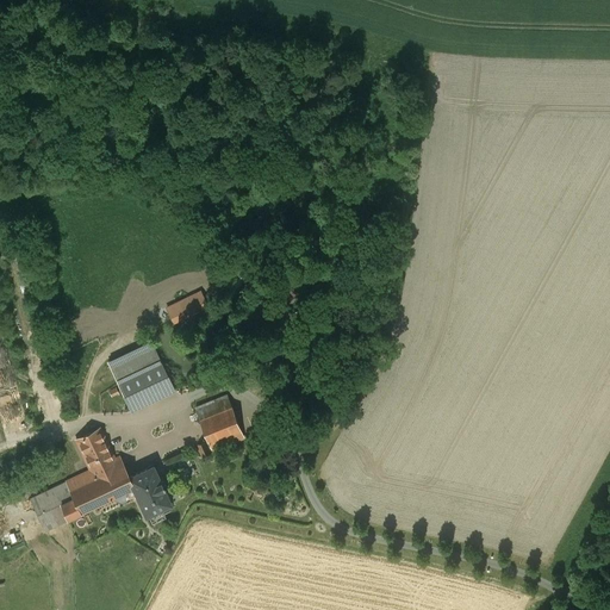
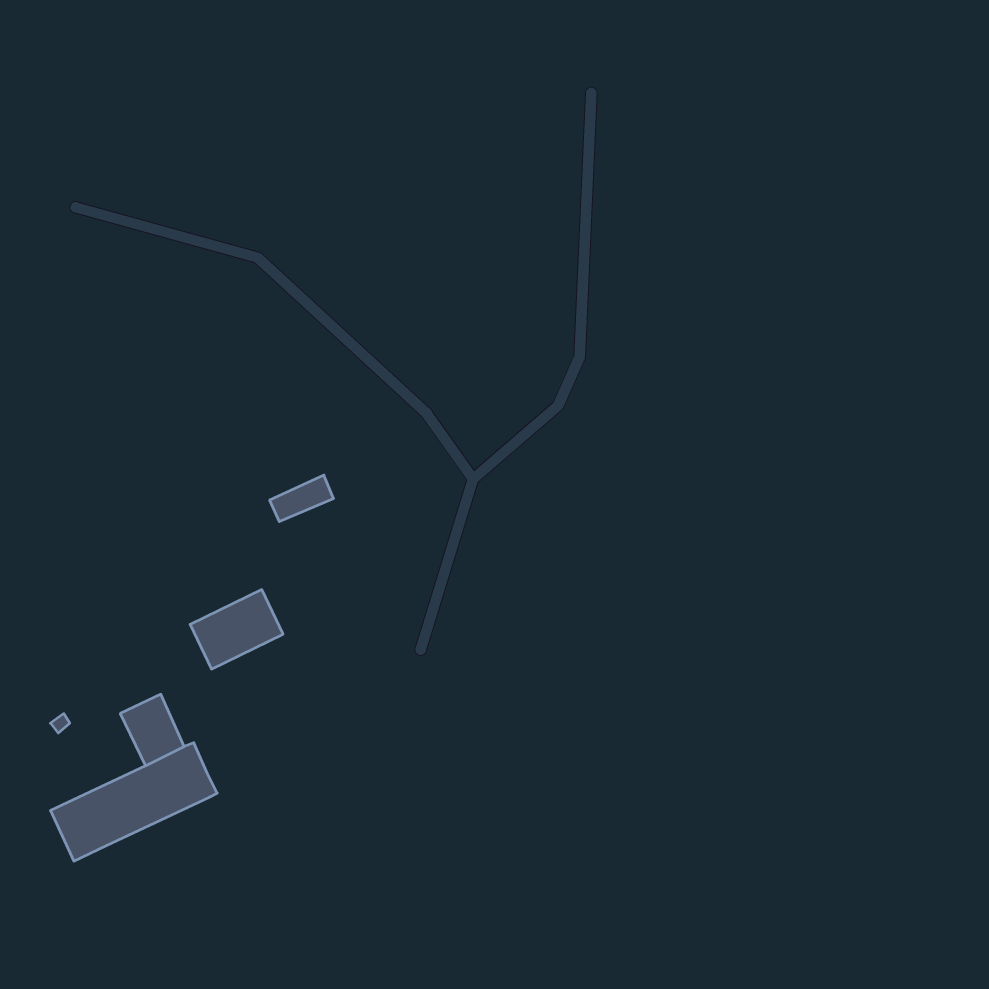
building: [107,342,161,385] -> none
building: [194,397,242,449] -> none
building: [127,466,170,516] -> none

